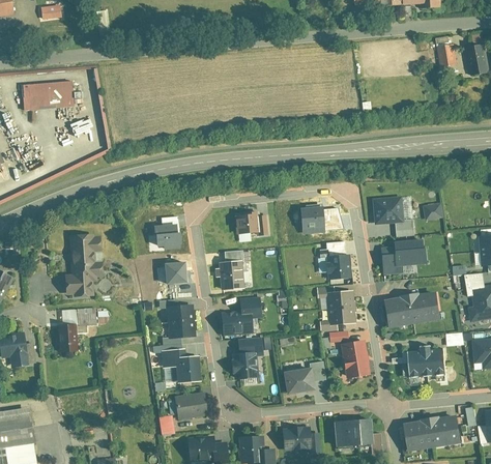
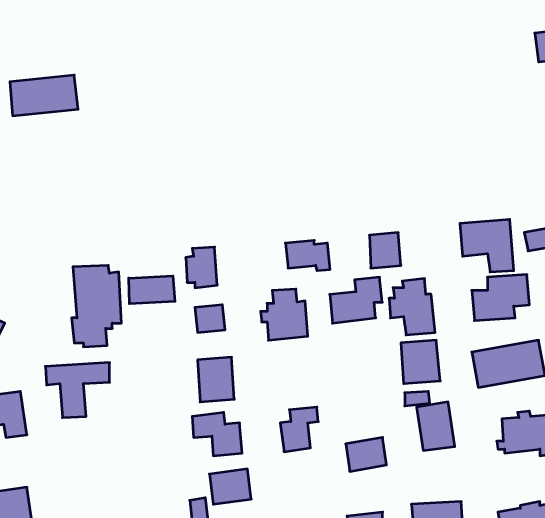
building: none -> [129,276,175,304]
building: [222,297,263,334] -> [330,277,382,323]

